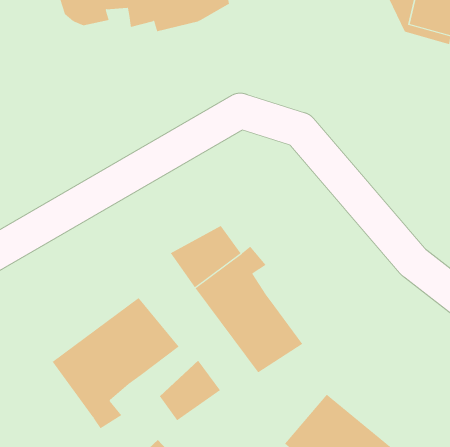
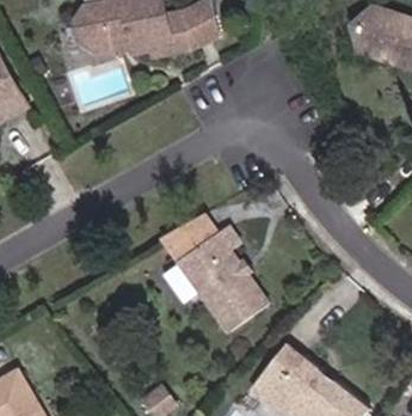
building: [52,297,180,429] -> none
building: [159,360,221,421] -> none

